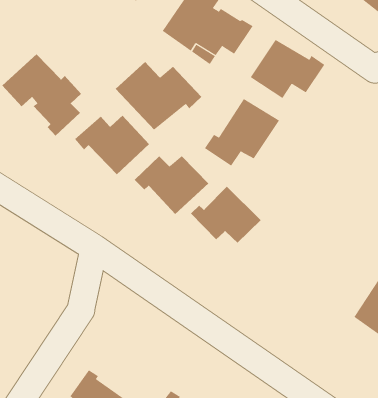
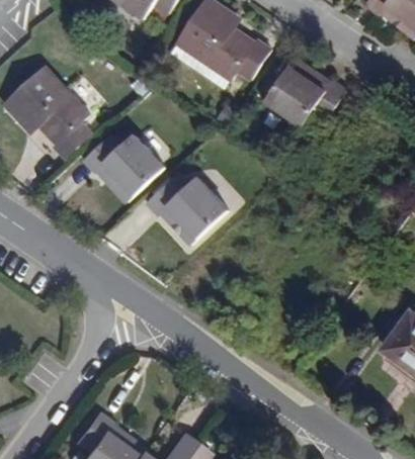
building: [115,61,202,131] -> none
building: [204,98,280,167] -> none
building: [190,186,261,243] -> none

